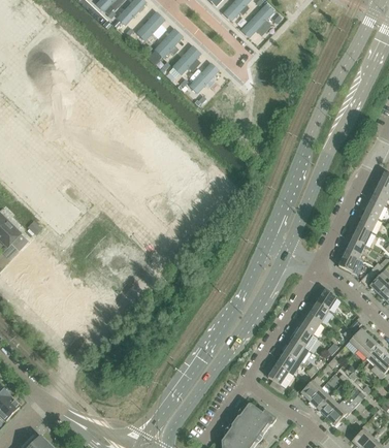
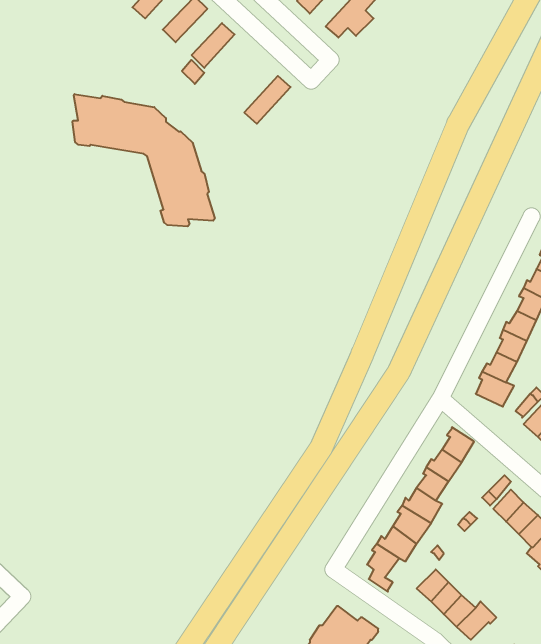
building: [173,43,201,72] -> none
building: none -> [73,94,215,226]

